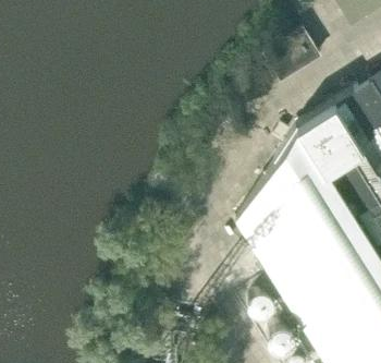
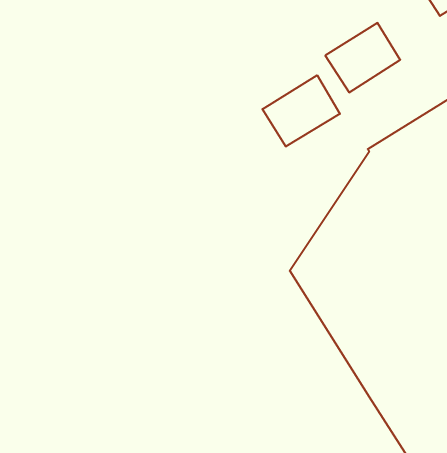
building: none -> [262,75,340,147]

